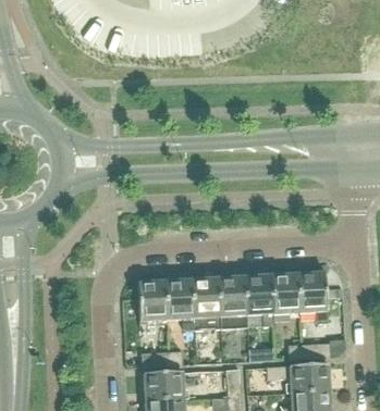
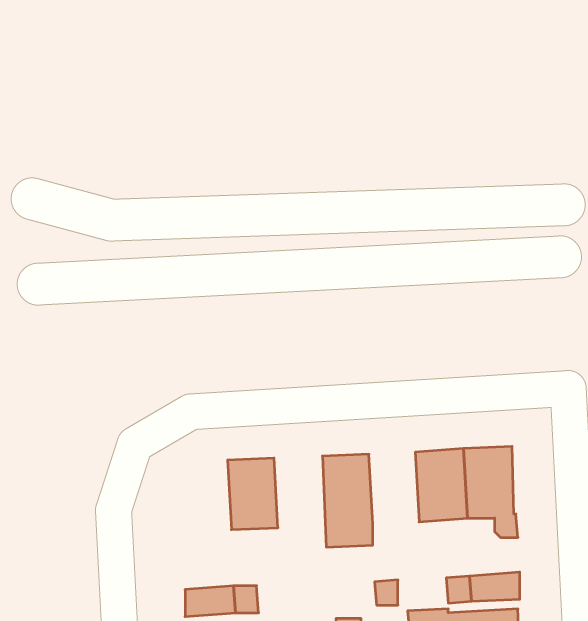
building: [244,276,272,316] -> none
building: [191,278,220,331] -> none
building: [137,281,167,321] -> none

